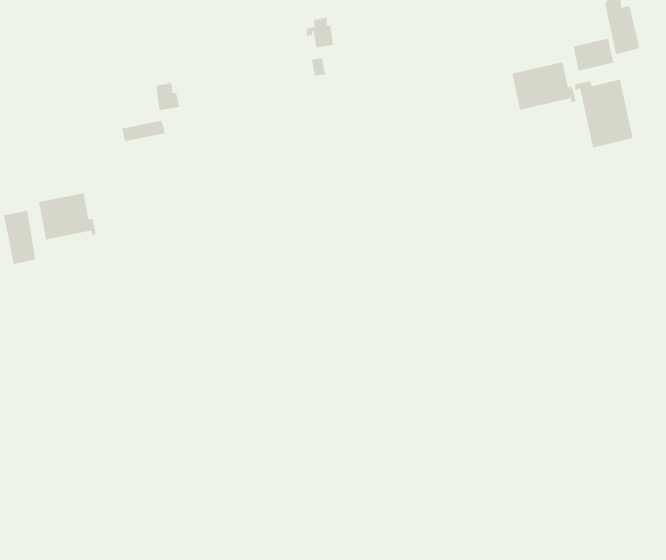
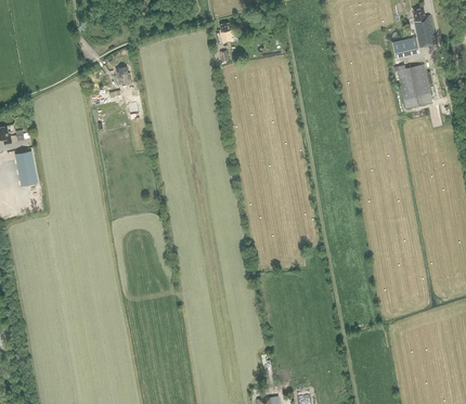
building: [512,62,576,111] -> none
building: [39,192,96,240] -> none

